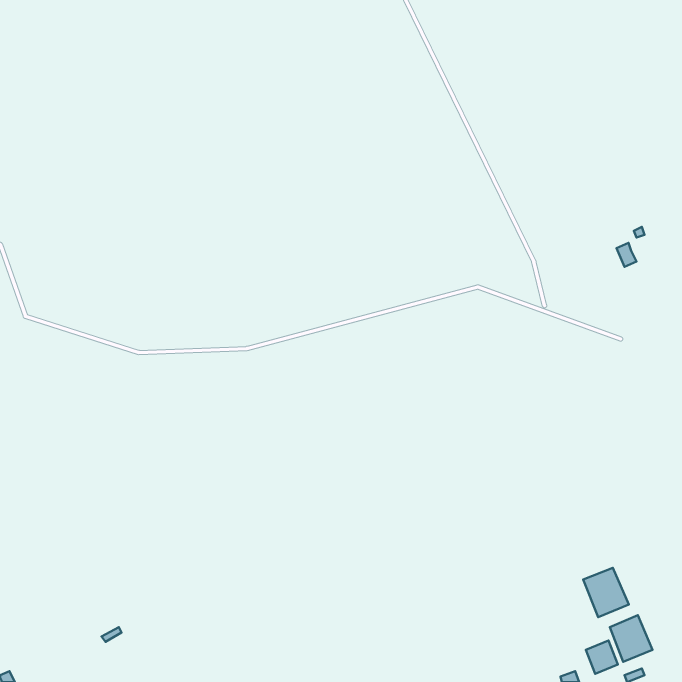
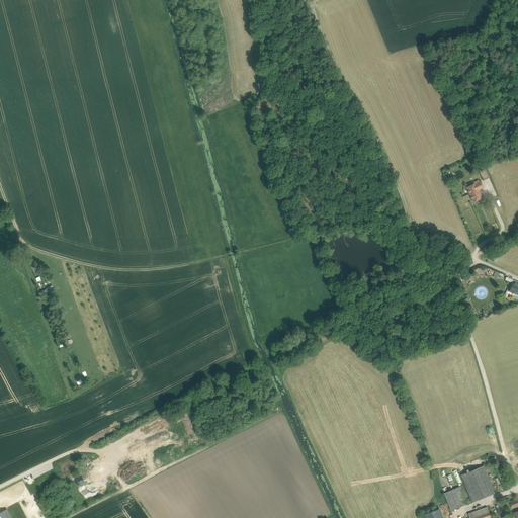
building: [583,568,629,617] -> none

